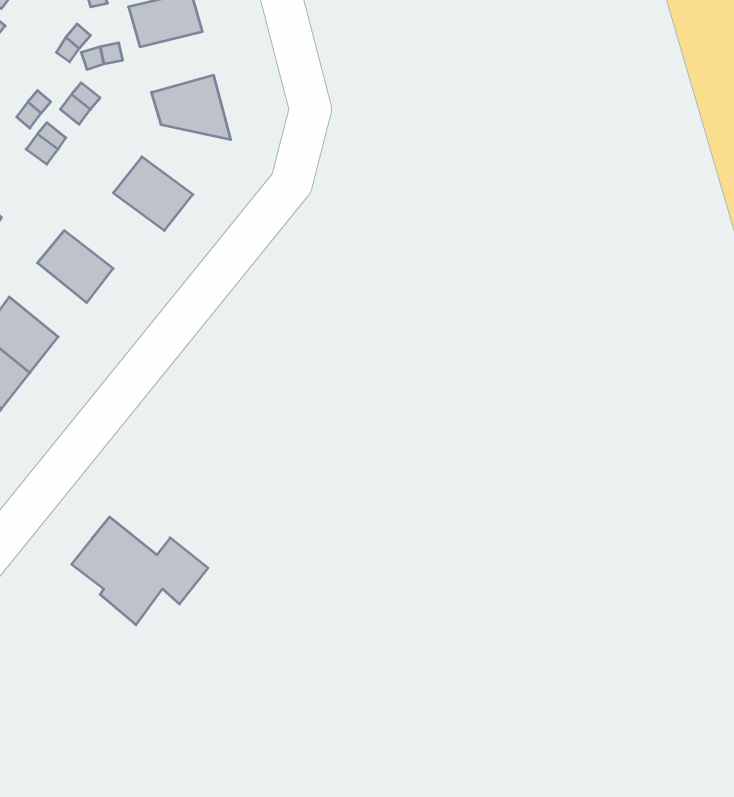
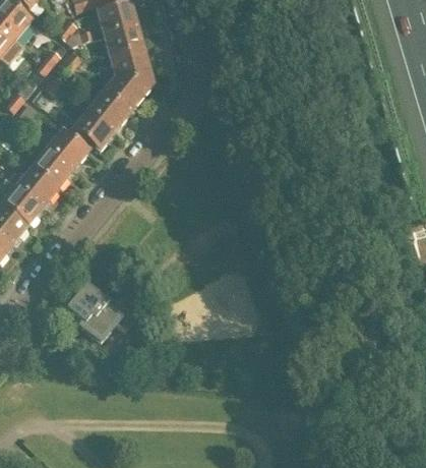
building: none -> [103,22,142,55]
building: none -> [104,72,153,110]
building: none -> [71,109,116,152]
building: none -> [33,147,74,186]

